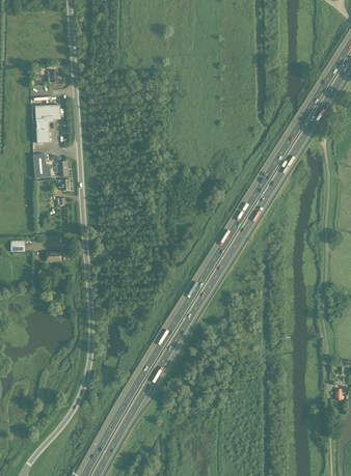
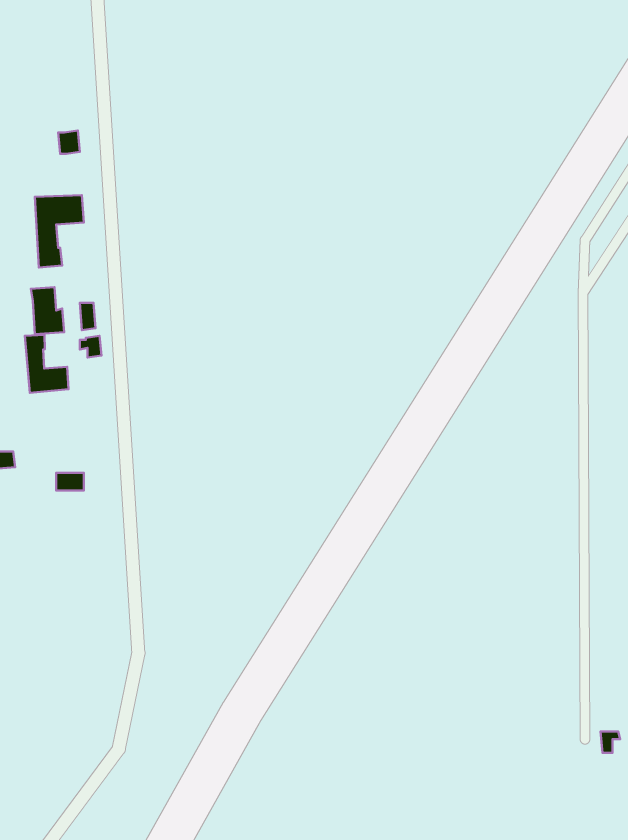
building: none -> [25,335,69,393]

